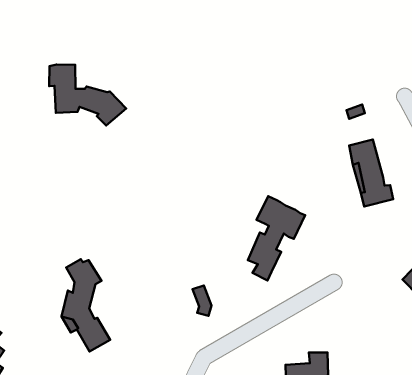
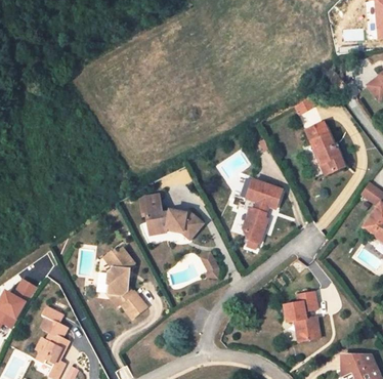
building: [49,65,126,126] -> [140,196,204,239]

